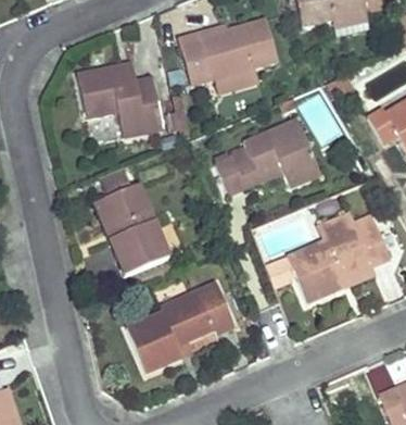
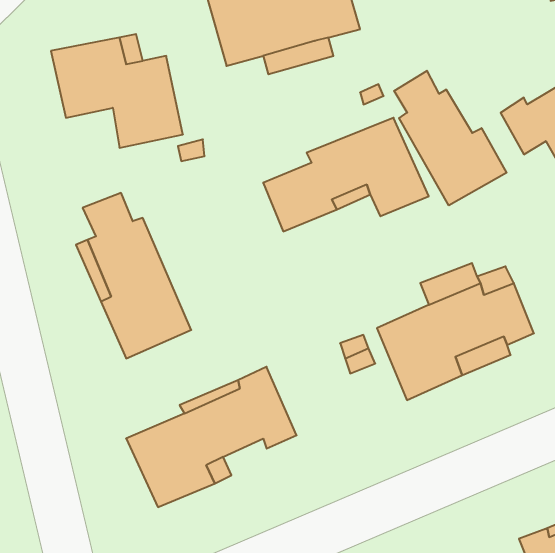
building: none -> [394,71,507,205]

